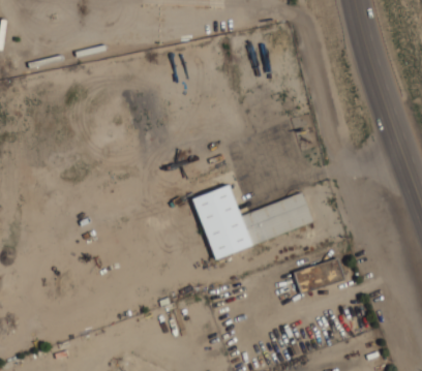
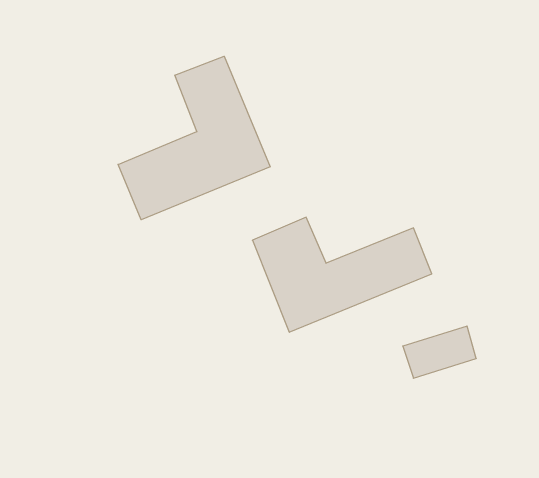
building: none -> [118,56,270,220]

